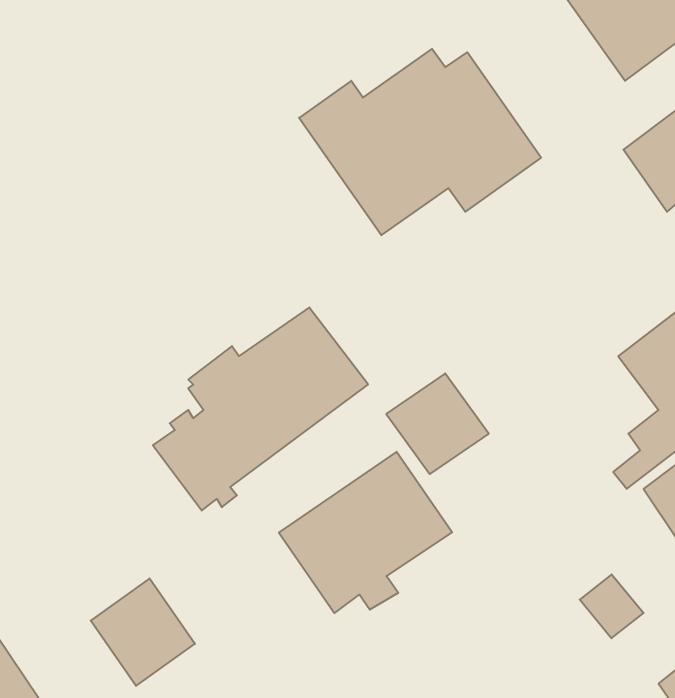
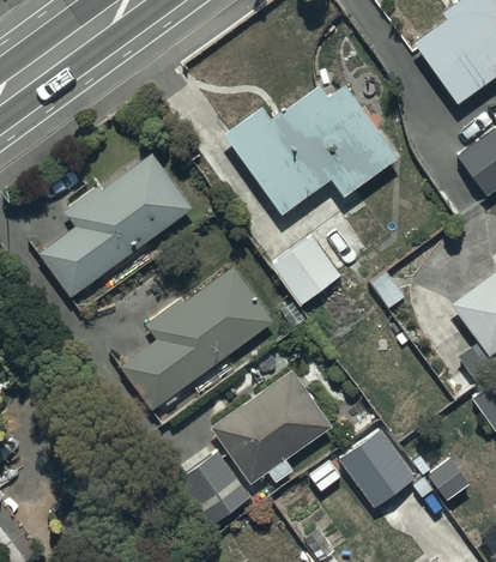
building: none -> [40,152,194,297]
building: [386,373,489,474] -> [270,234,343,306]
building: none -> [338,427,416,508]
building: [91,578,195,686] -> [177,451,252,527]

